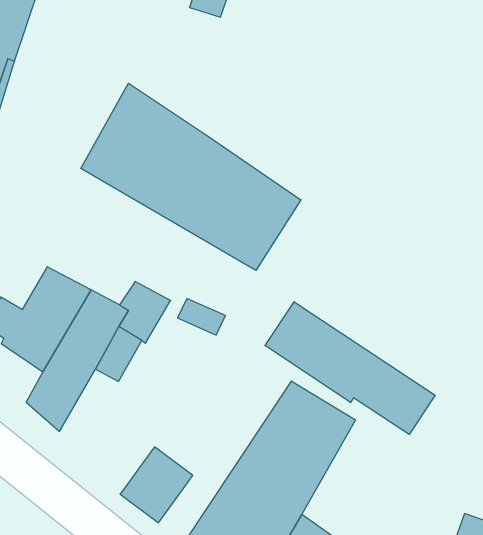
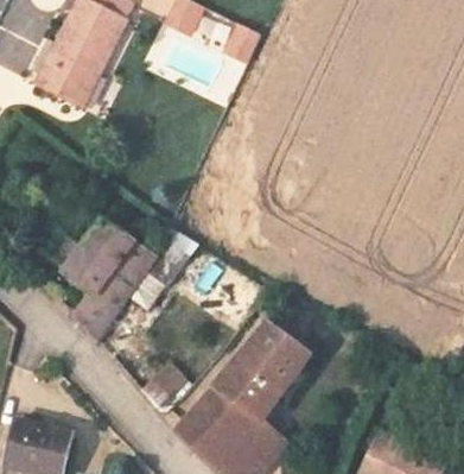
building: [81,83,301,270] -> none
building: [265,302,435,434] -> none

